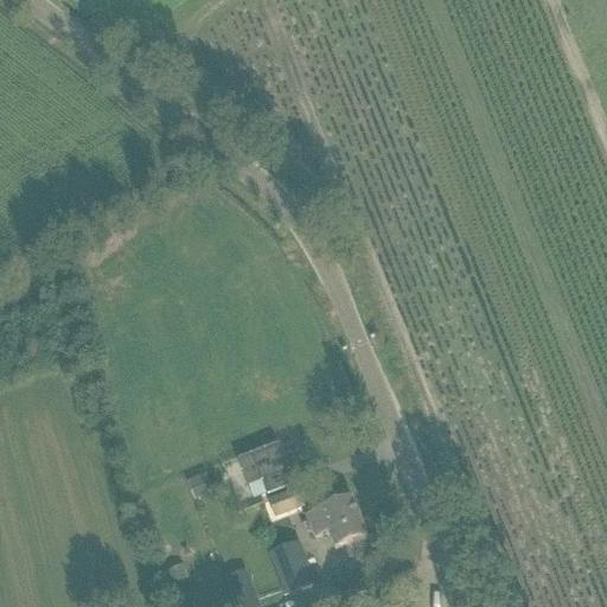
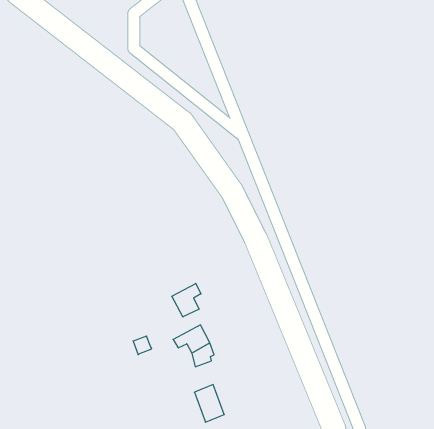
building: none -> [172,283,201,317]
building: [305,491,364,541] -> none

